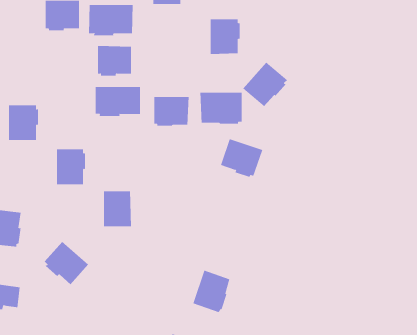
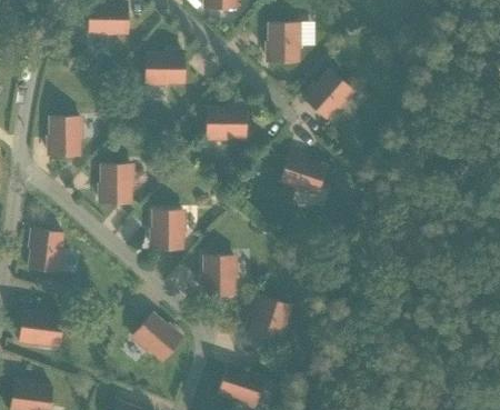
building: [89,4,133,36] -> none
building: [95,86,140,117] -> none
building: [200,92,242,125] -> none
building: none -> [203,256,237,294]
building: [44,241,89,285] -> [132,313,181,361]

